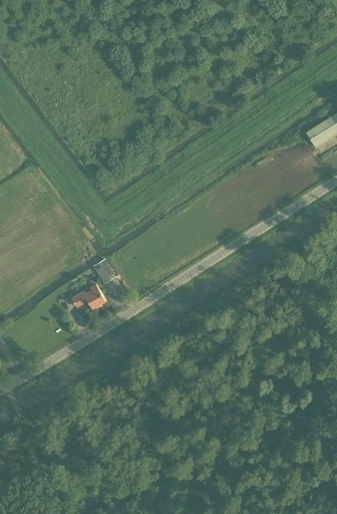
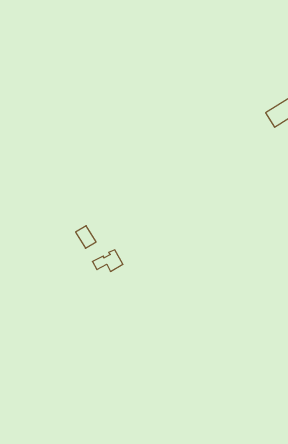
building: [72,284,106,308] -> [92,250,123,271]

